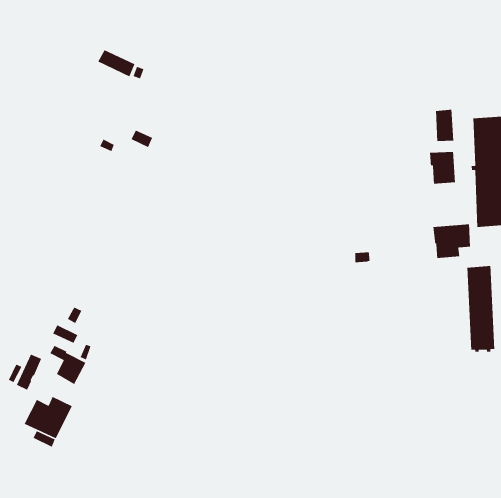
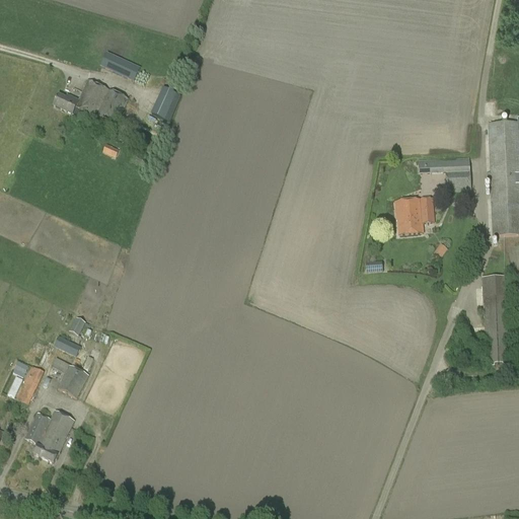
building: none -> [55,77,130,124]
building: none -> [147,85,177,118]
building: [435,109,454,142] -> none
building: [433,223,471,259] -> [395,197,435,233]

